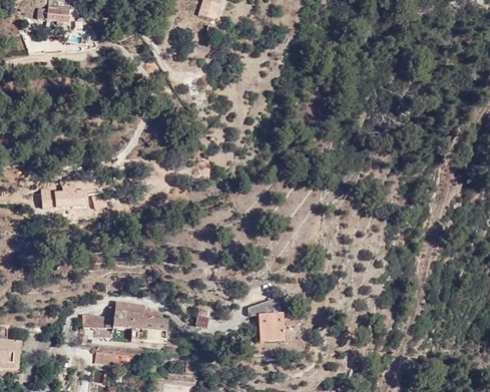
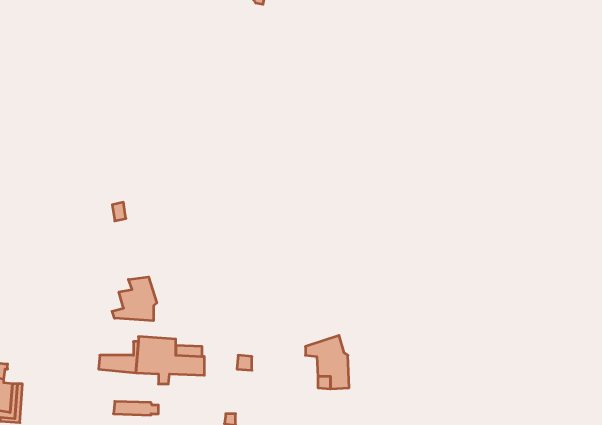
building: [44,184,89,205] -> none
building: none -> [112,277,157,321]

